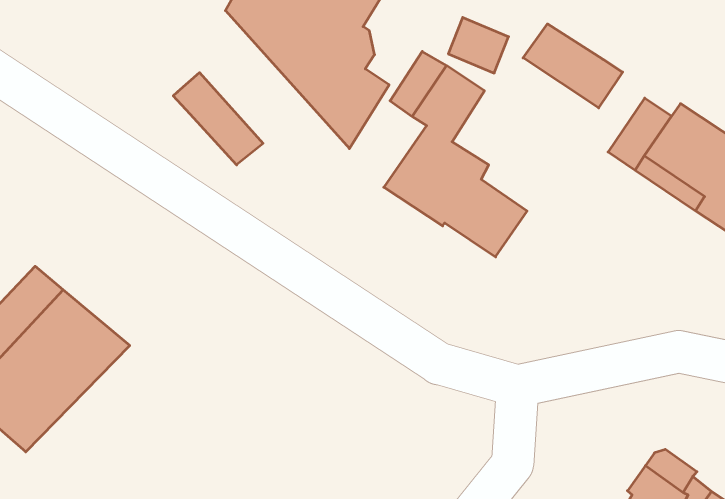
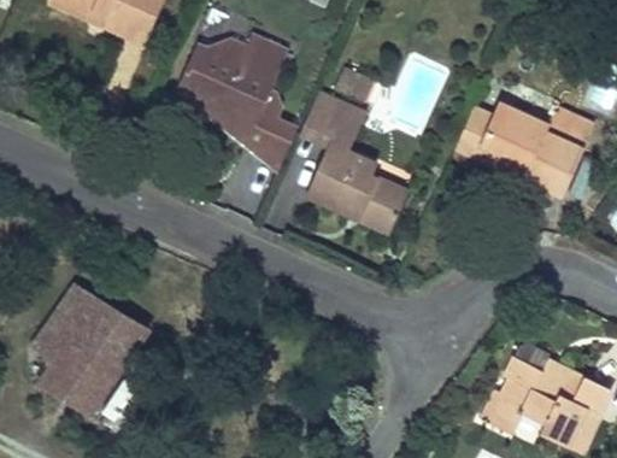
building: [523,24,623,108] -> none
building: [173,73,263,165] -> none

